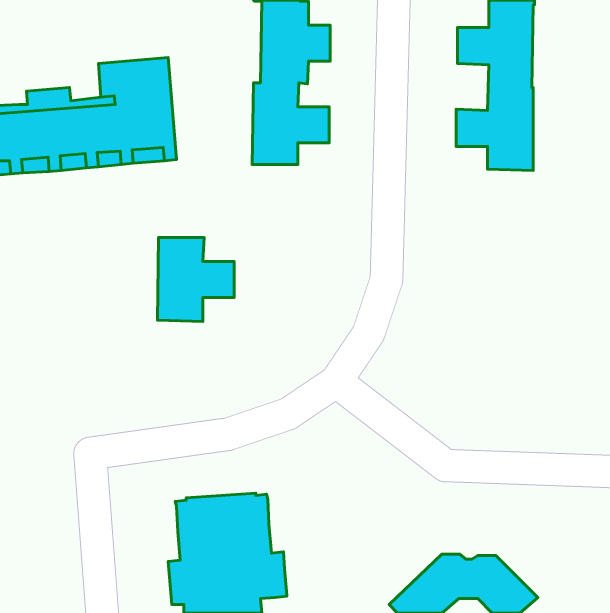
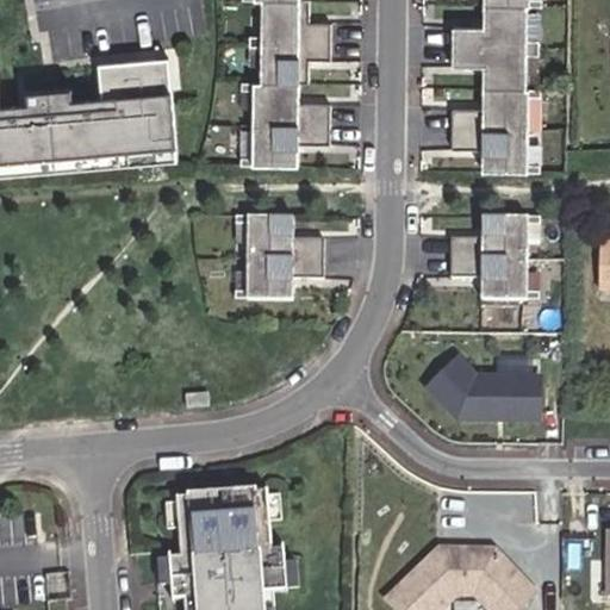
building: none -> [452,217,528,300]
building: [157,238,234,322] -> [245,214,322,298]
building: none -> [456,376,539,419]

